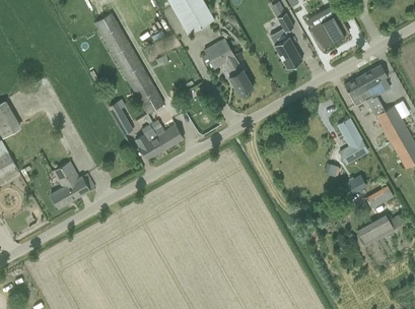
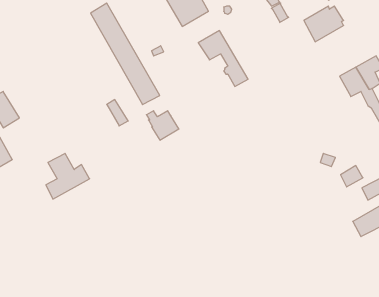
building: [273,37,301,68] -> none
building: [338,119,367,164] -> none
building: [139,129,164,161] -> none

